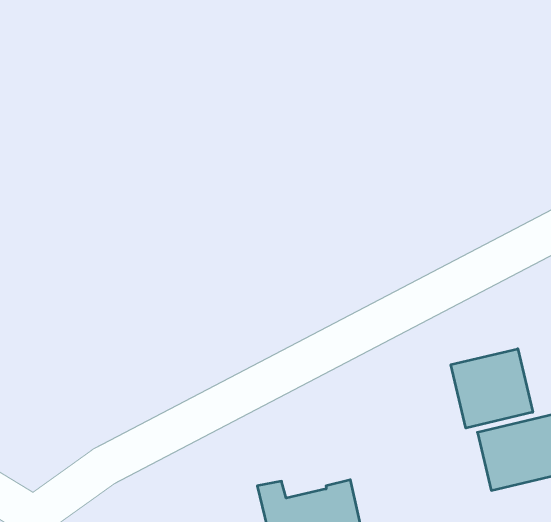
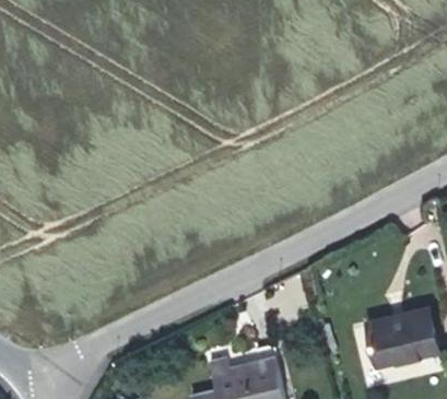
building: [451,349,533,428] -> none

